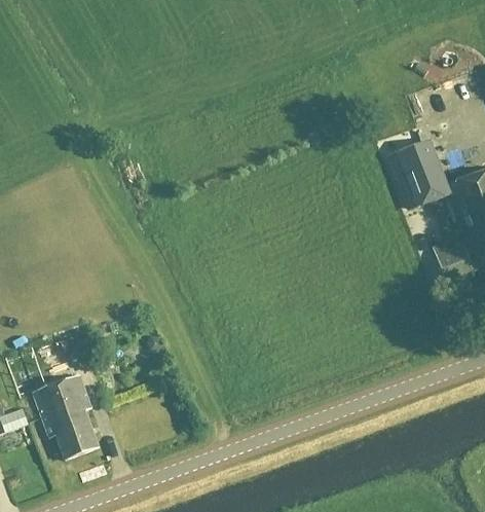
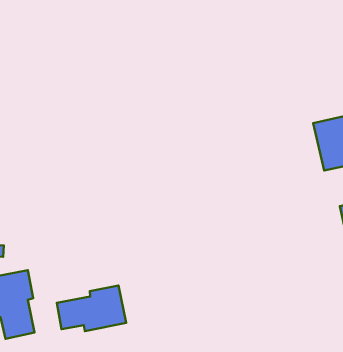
building: none -> [57,285,126,331]

